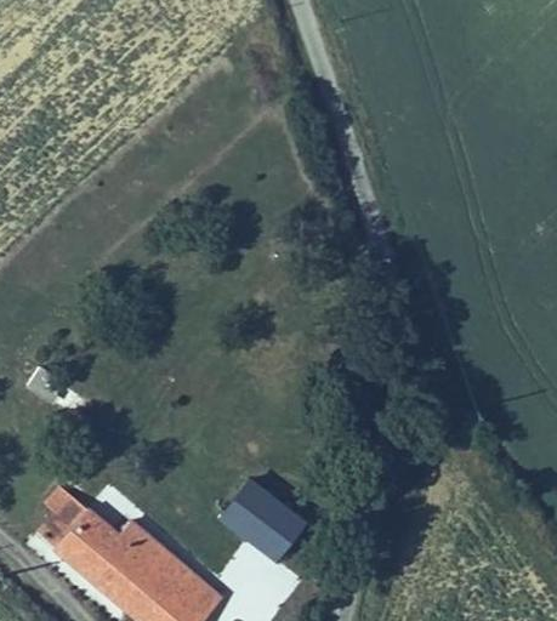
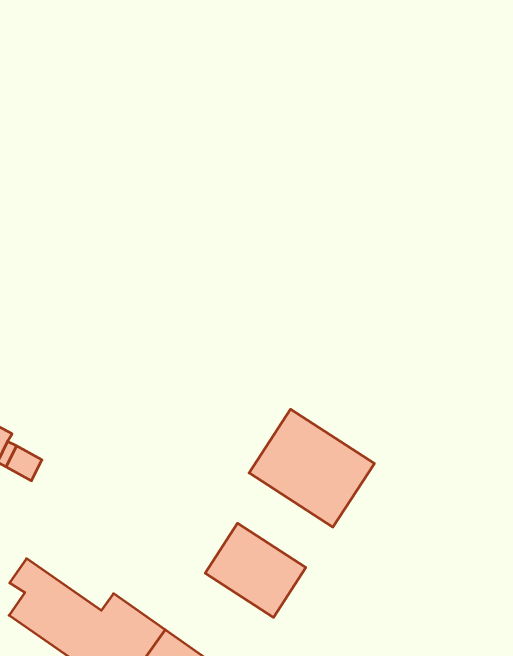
building: none -> [249,409,374,527]

